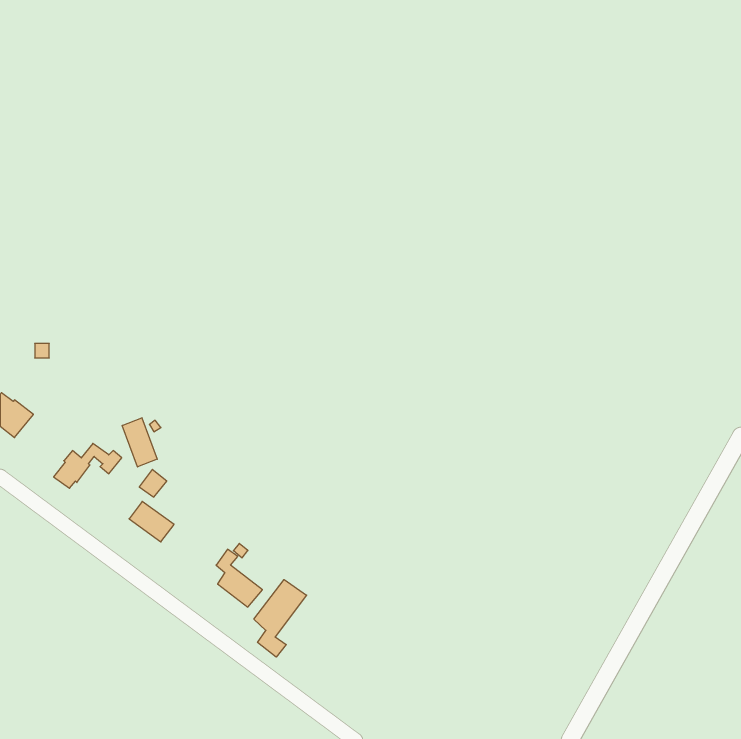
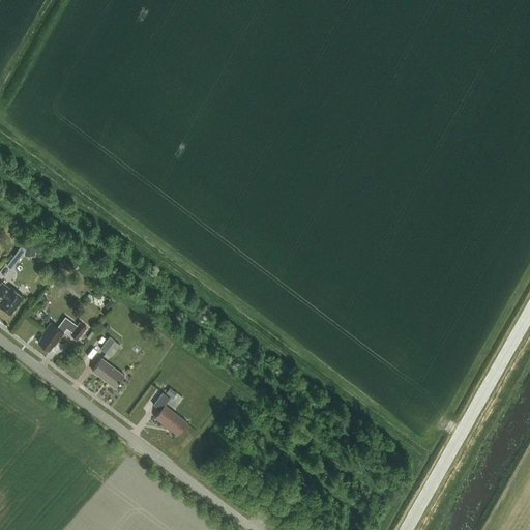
building: [122,418,157,467] -> none
building: [254,580,307,657] -> none

